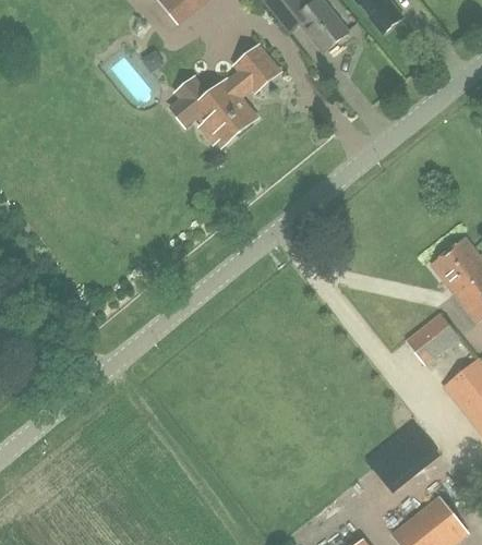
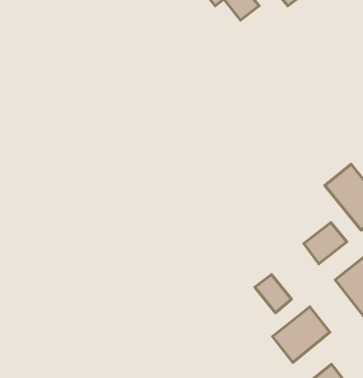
building: [177,46,278,145] -> none
building: none -> [255,275,292,313]

